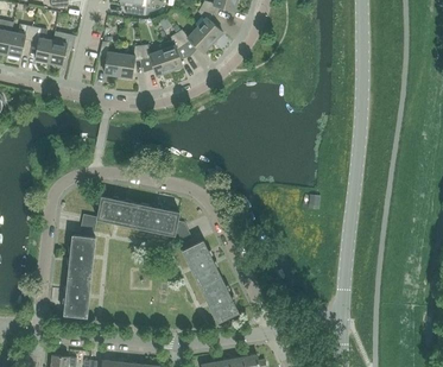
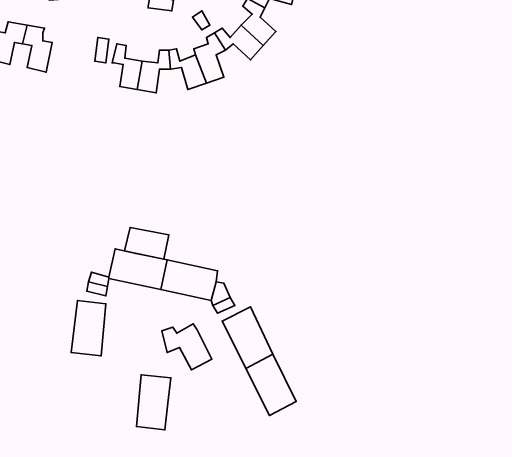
building: [48,32,75,65] -> none
building: none -> [125,228,169,259]
building: none -> [162,324,212,370]
building: [63,274,89,316] -> [136,375,171,430]

